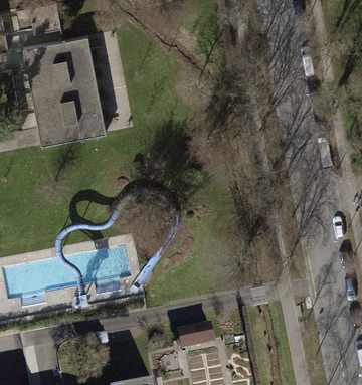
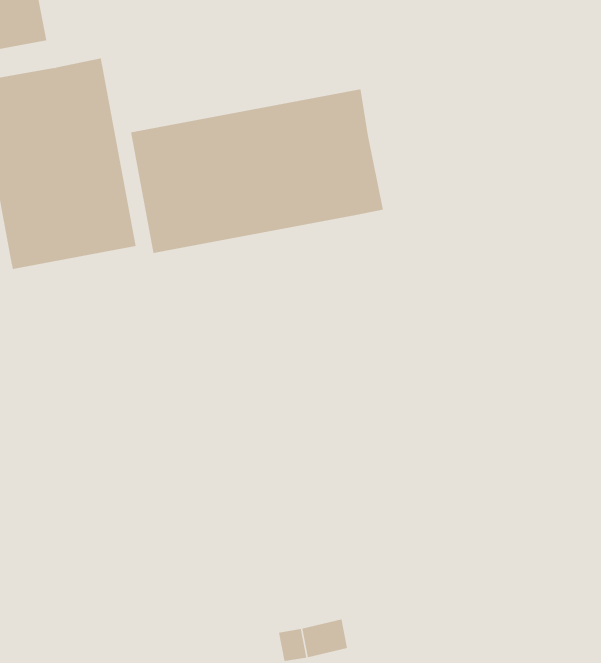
building: none -> [130,88,384,254]

